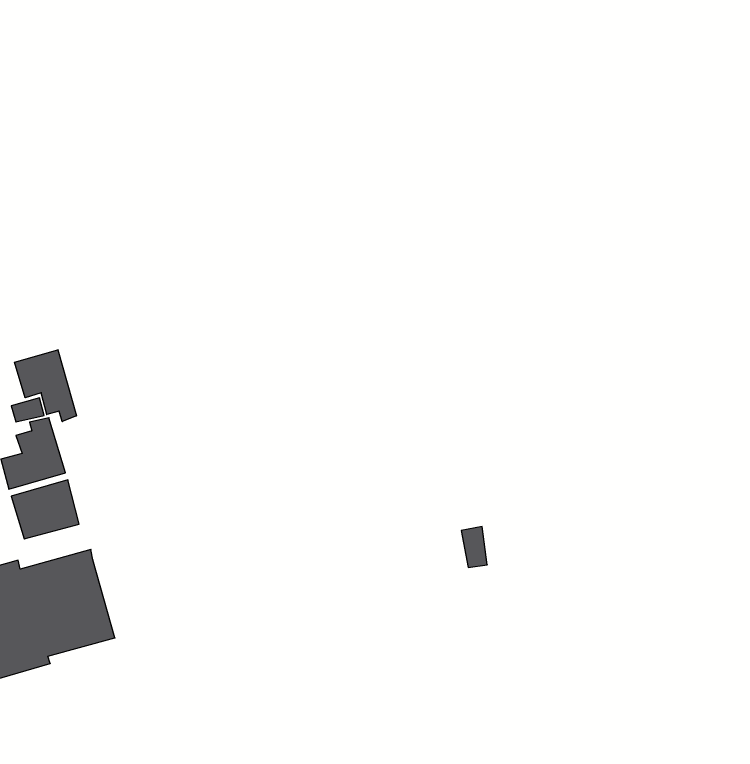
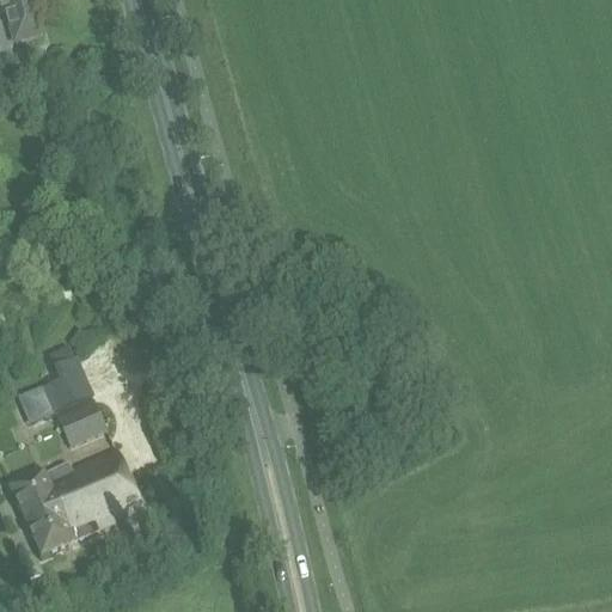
building: [14,350,76,422] -> none

